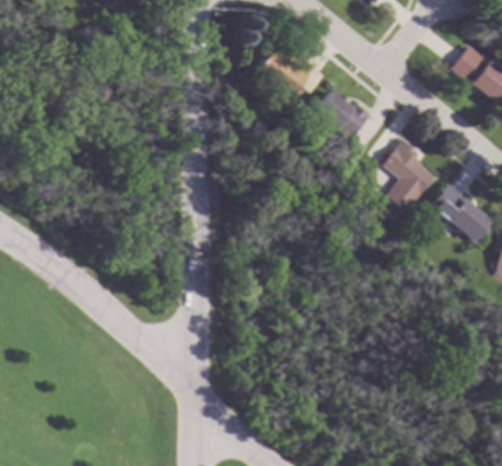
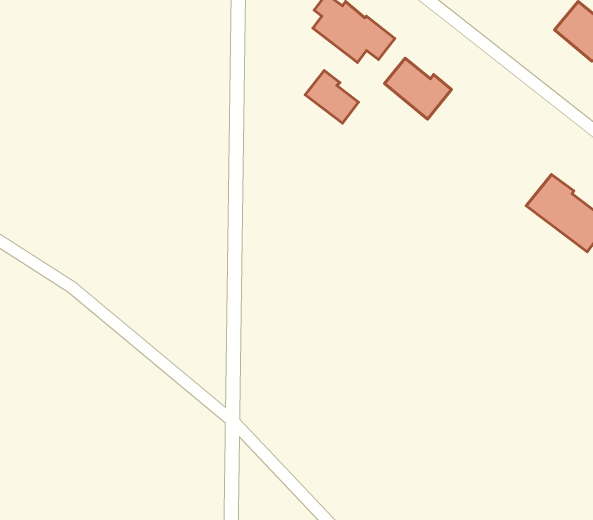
building: none -> [305,71,359,123]
building: [383,140,434,214] -> none

